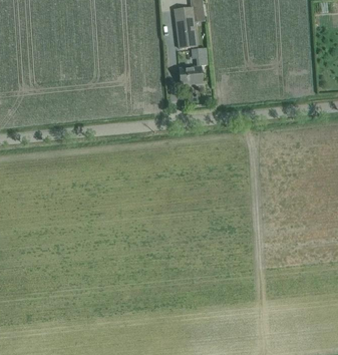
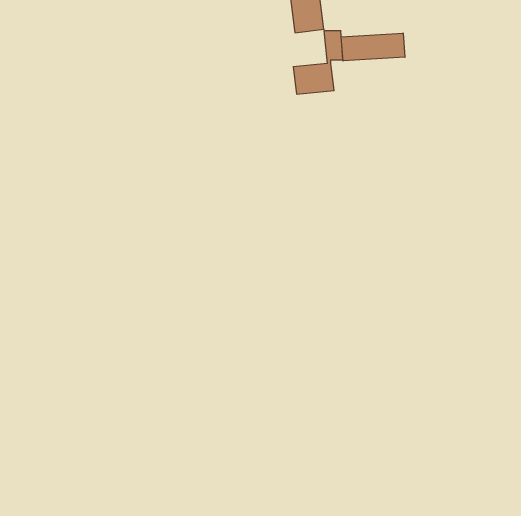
building: none -> [341,33,405,61]

